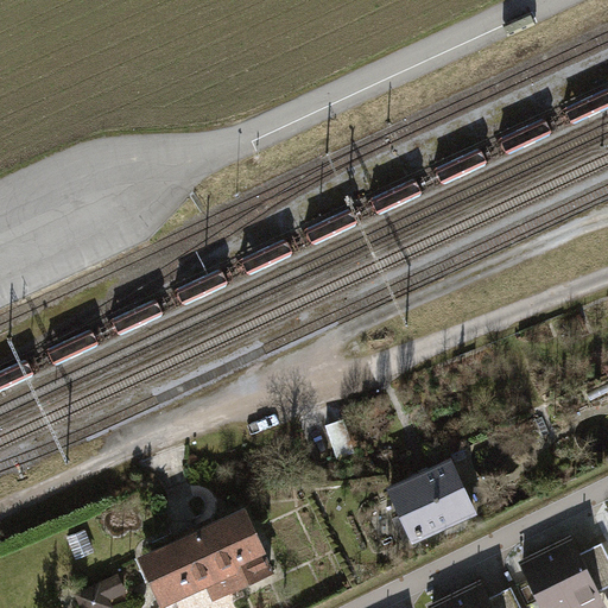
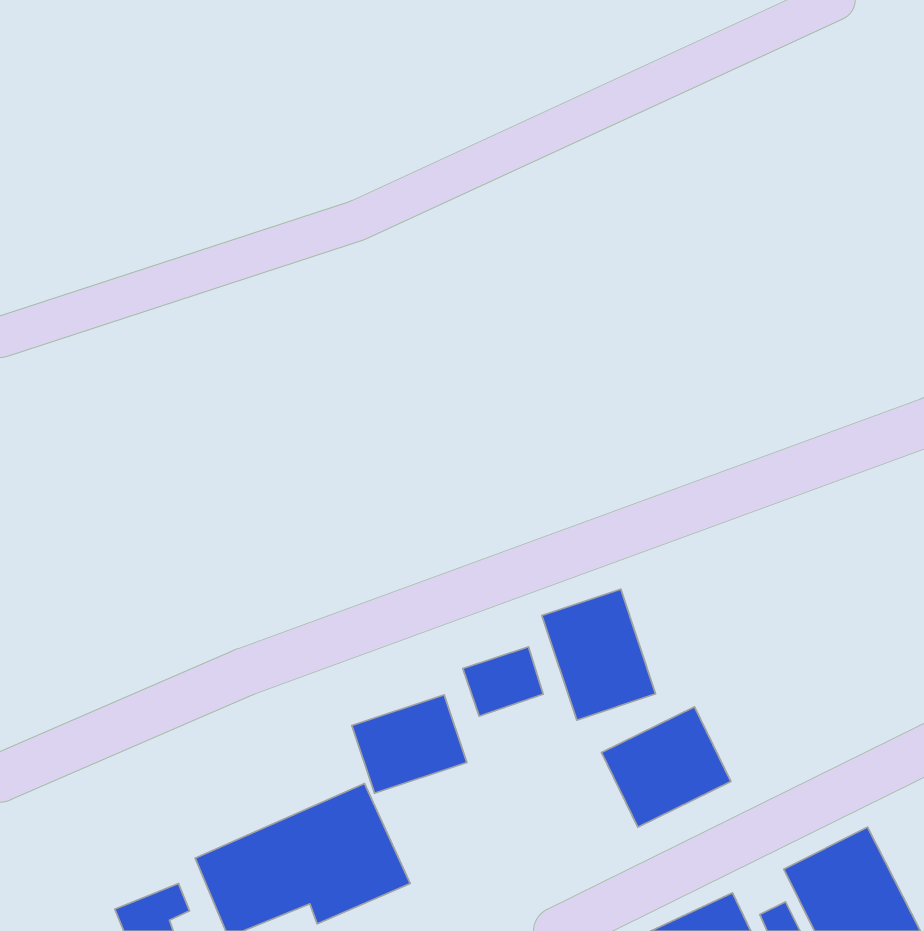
building: none -> [542,589,656,720]
building: none -> [352,695,467,793]

